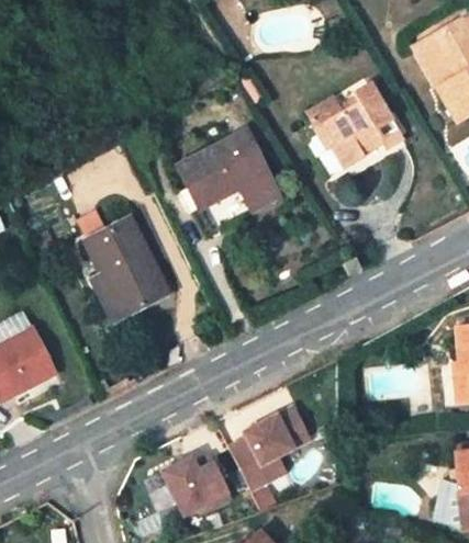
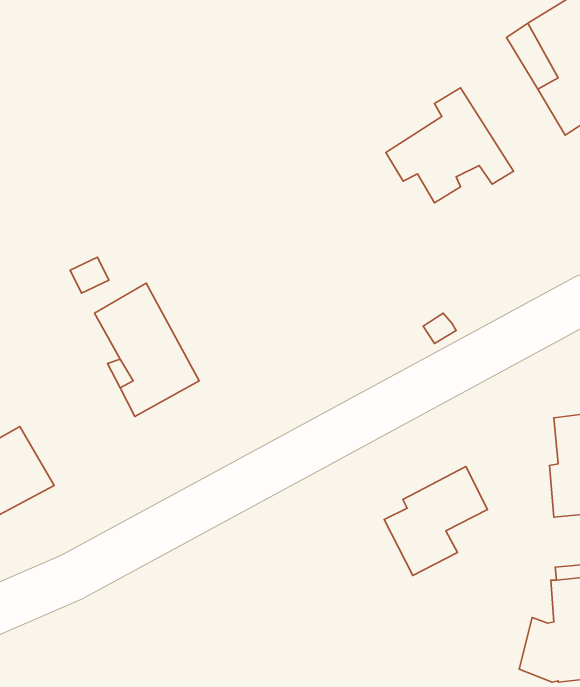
building: [183,131,280,208] -> none
building: [222,412,301,496] -> [384,466,487,575]
building: [154,462,223,521] -> none

